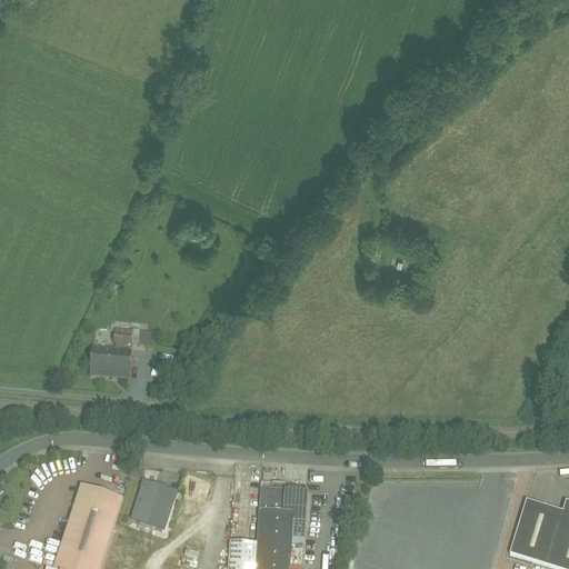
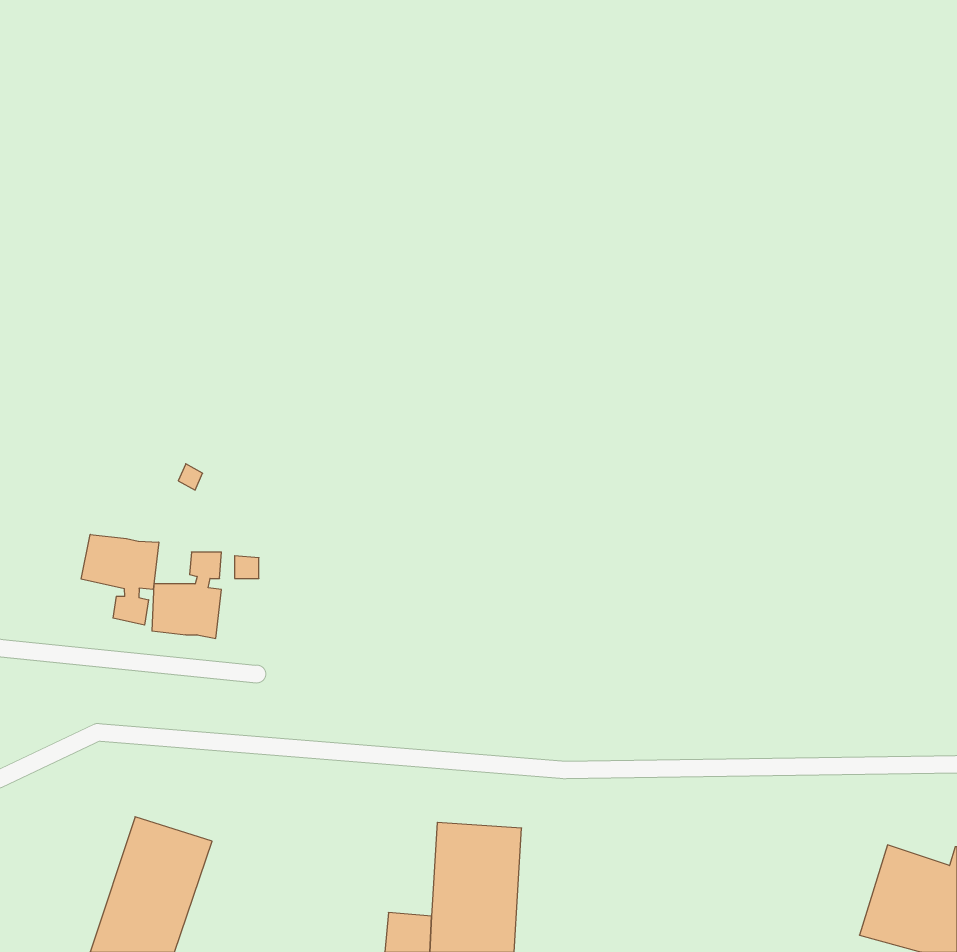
building: none -> [81,534,159,625]
building: [129,478,174,529] -> none

